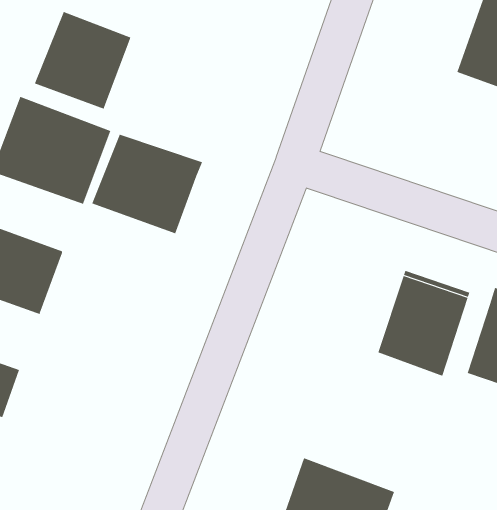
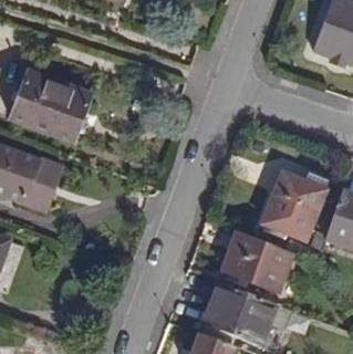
building: [34,11,131,110] -> none
building: [92,134,203,234] -> none
building: none -> [227,238,298,299]

